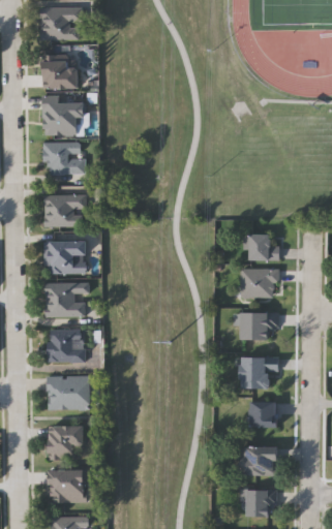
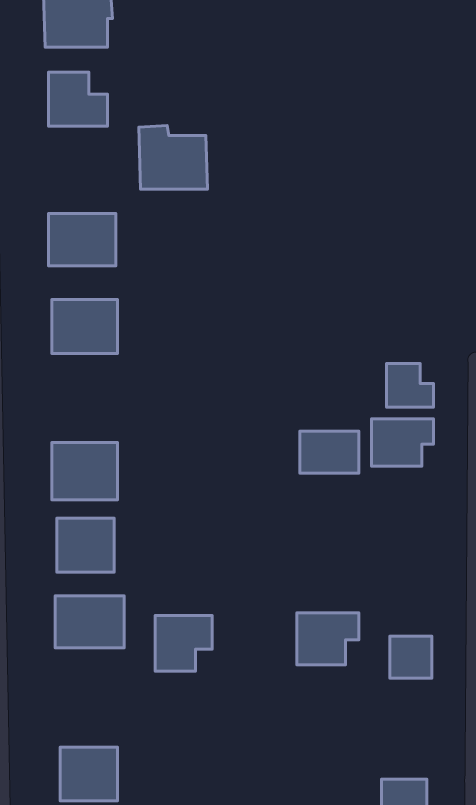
building: [41,96,84,135] -> [139,125,208,189]
building: [43,241,87,274] -> none
building: [241,312,277,338] -> [300,431,359,473]
building: [241,355,279,387] -> [297,613,359,665]
building: [49,425,84,459] -> [155,616,212,671]
building: [241,445,278,474] -> none

